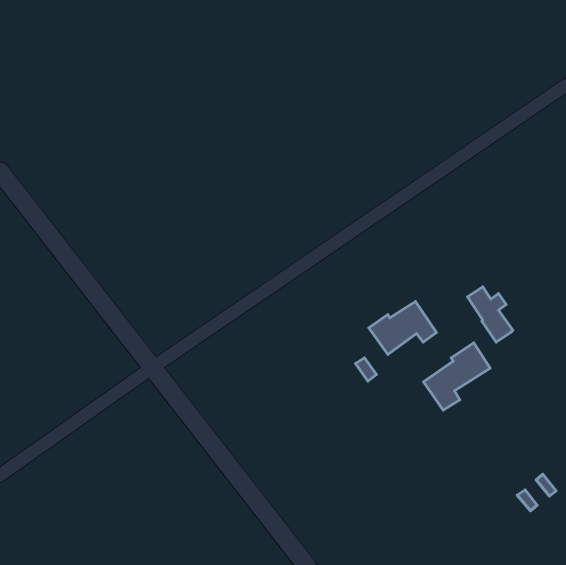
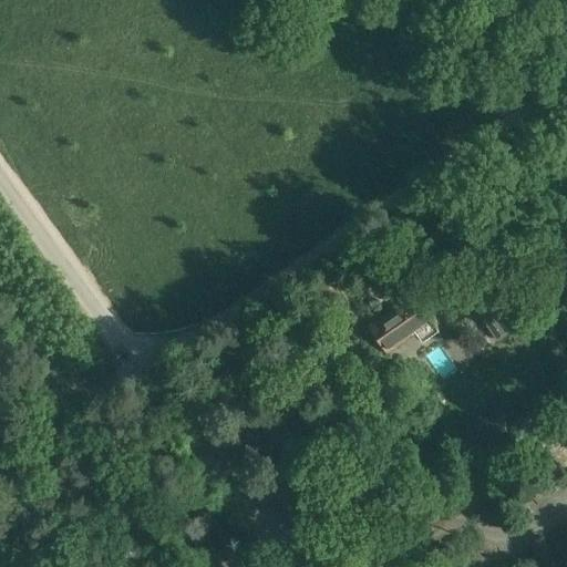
building: [424,343,490,410] -> none

